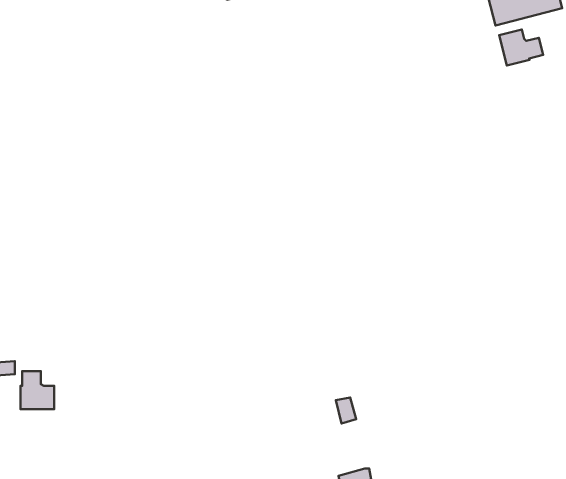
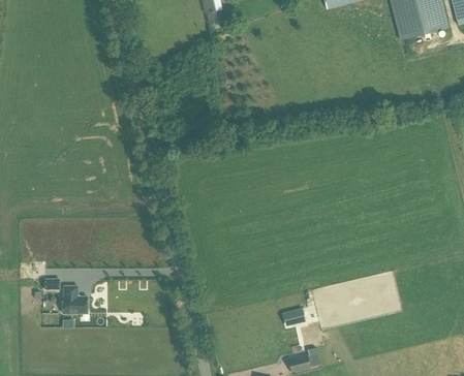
building: [499,29,543,65] -> none

